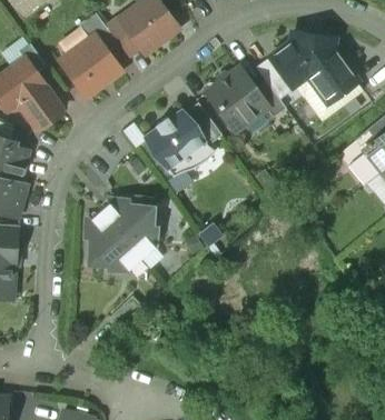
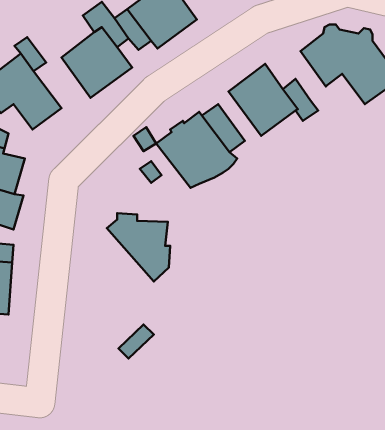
building: [256,57,295,100] -> none
building: [86,212,141,270] -> none

